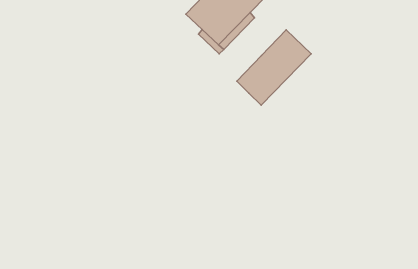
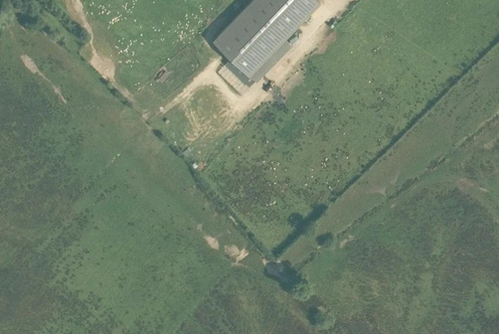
building: [237,30,311,105] -> none

